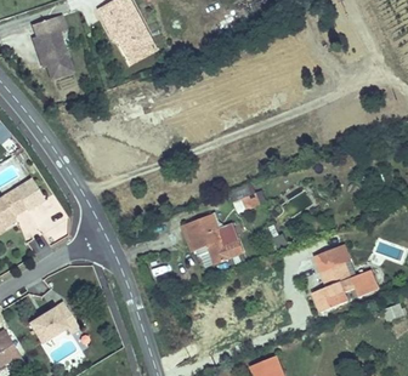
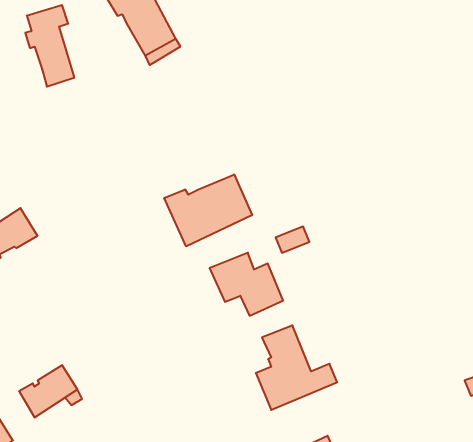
building: none -> [164,174,252,246]
building: [310,246,374,313] -> [256,325,337,410]

